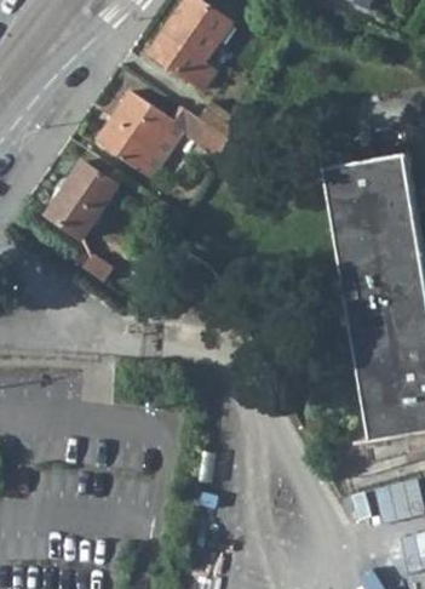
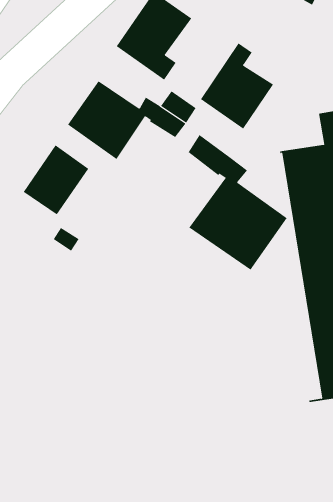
building: none -> [200,43,274,130]
building: none -> [188,134,287,271]

